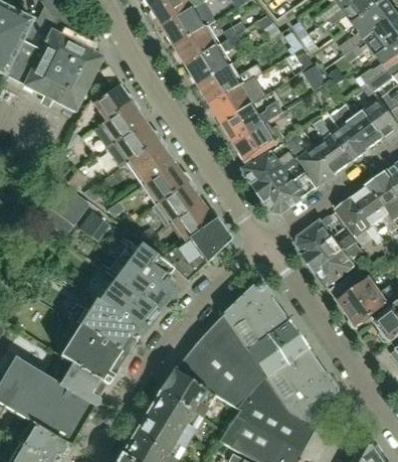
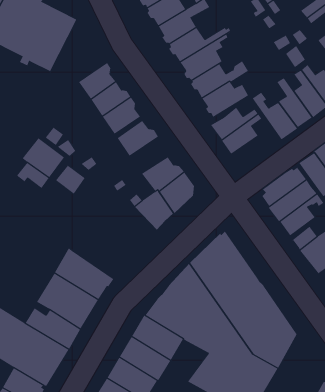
building: [93,86,135,123] -> none
building: [265,171,317,211] -> none
building: [152,180,199,225] -> none
building: [97,244,178,331] -> none

